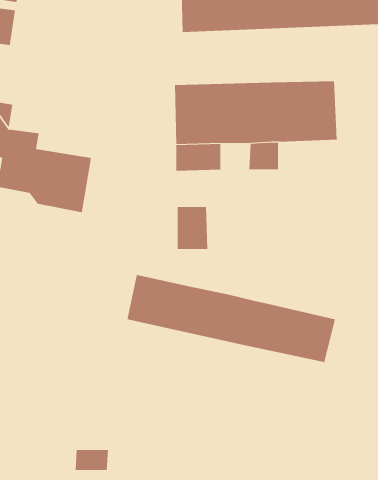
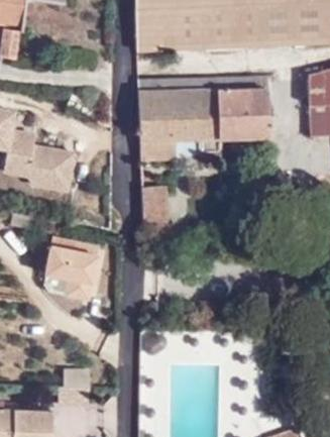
building: [127,274,336,363] -> none
building: none -> [44,245,101,305]

